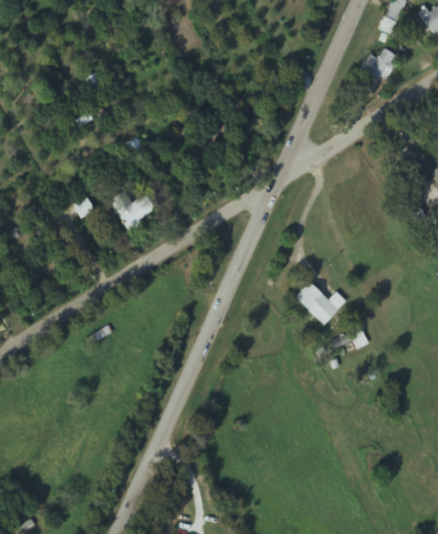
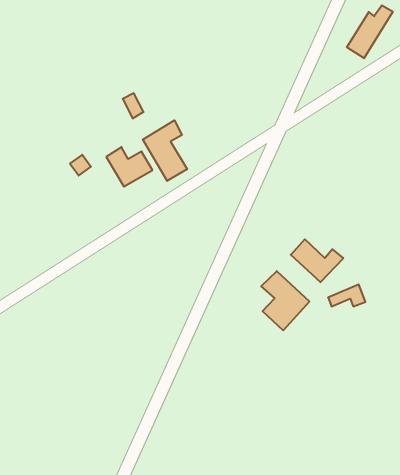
building: none -> [143,120,187,181]
building: none -> [261,271,309,330]

